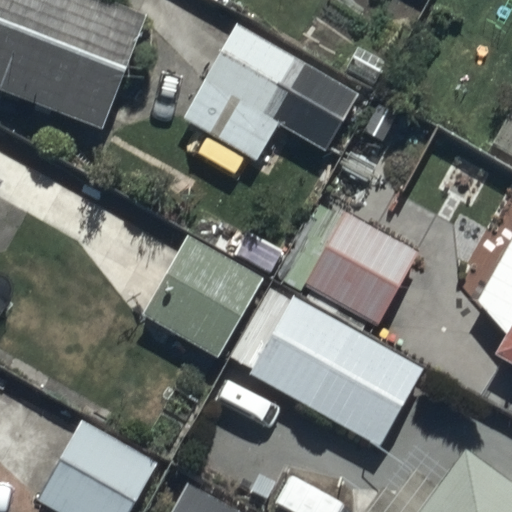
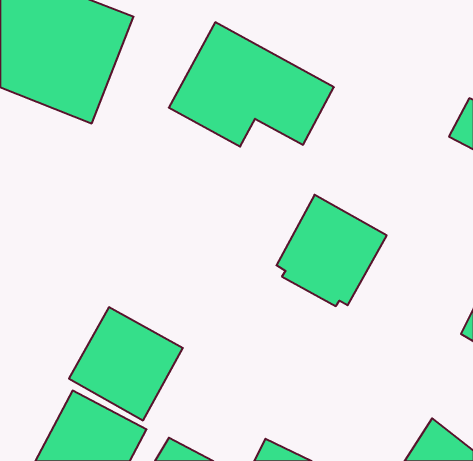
building: [143,235,266,357] -> [69,307,183,420]
building: [248,296,424,446] -> none

